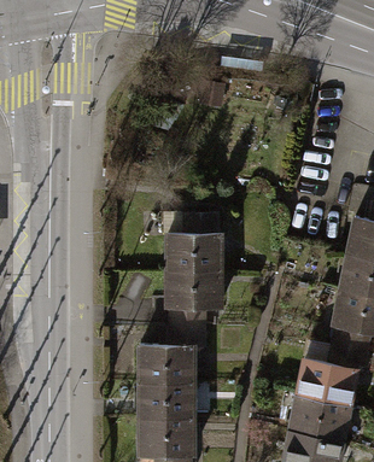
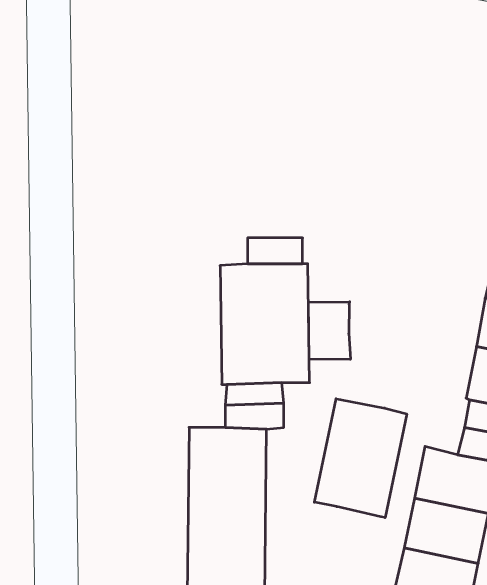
building: none -> [308,302,350,360]
building: none -> [314,399,407,518]

